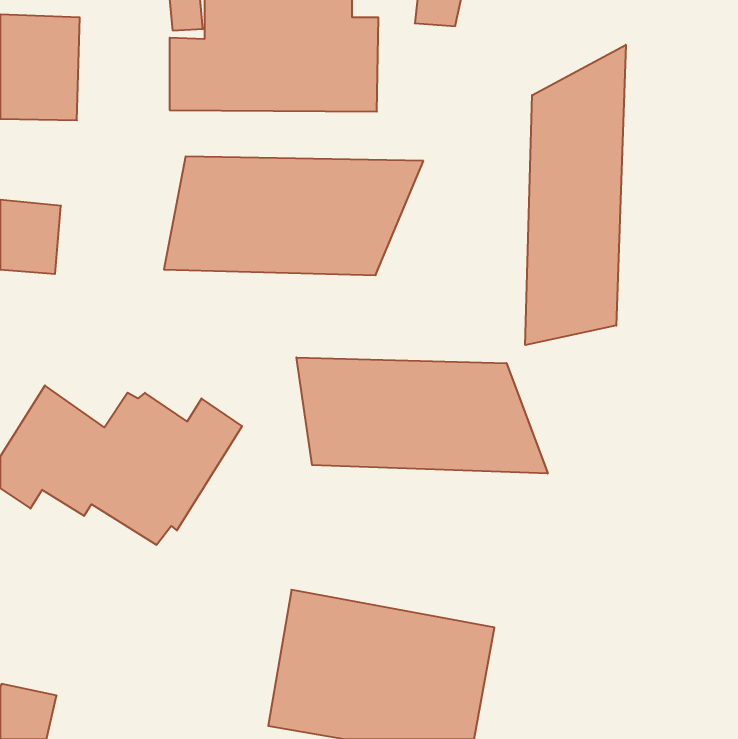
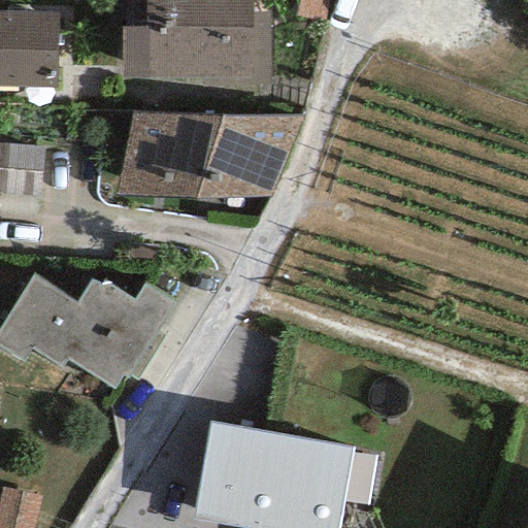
building: [525,45,626,345] -> none
building: [296,357,548,474] -> none

